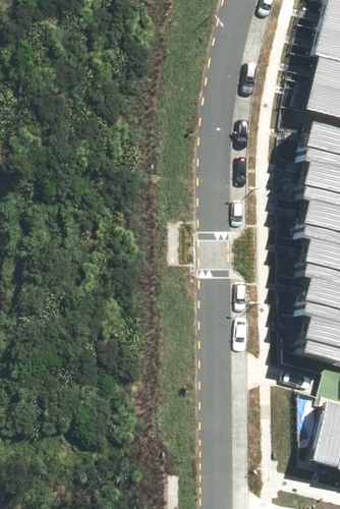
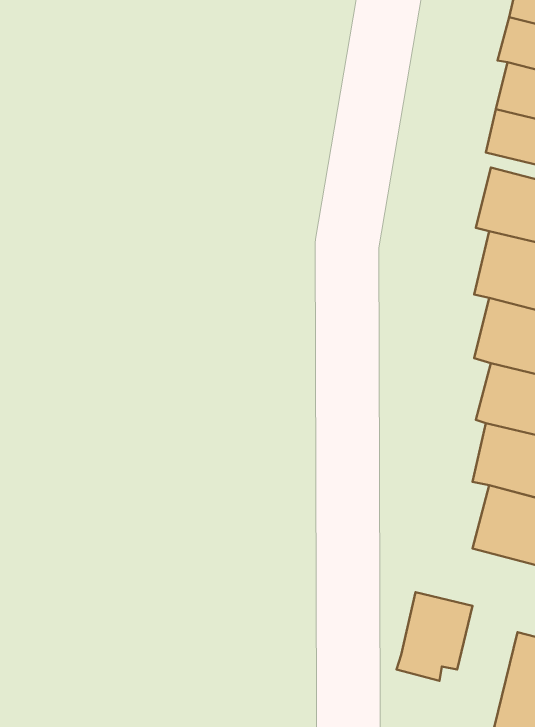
building: none -> [397,592,472,681]

